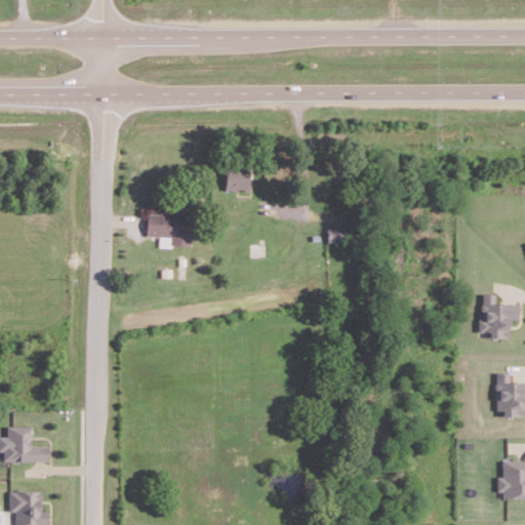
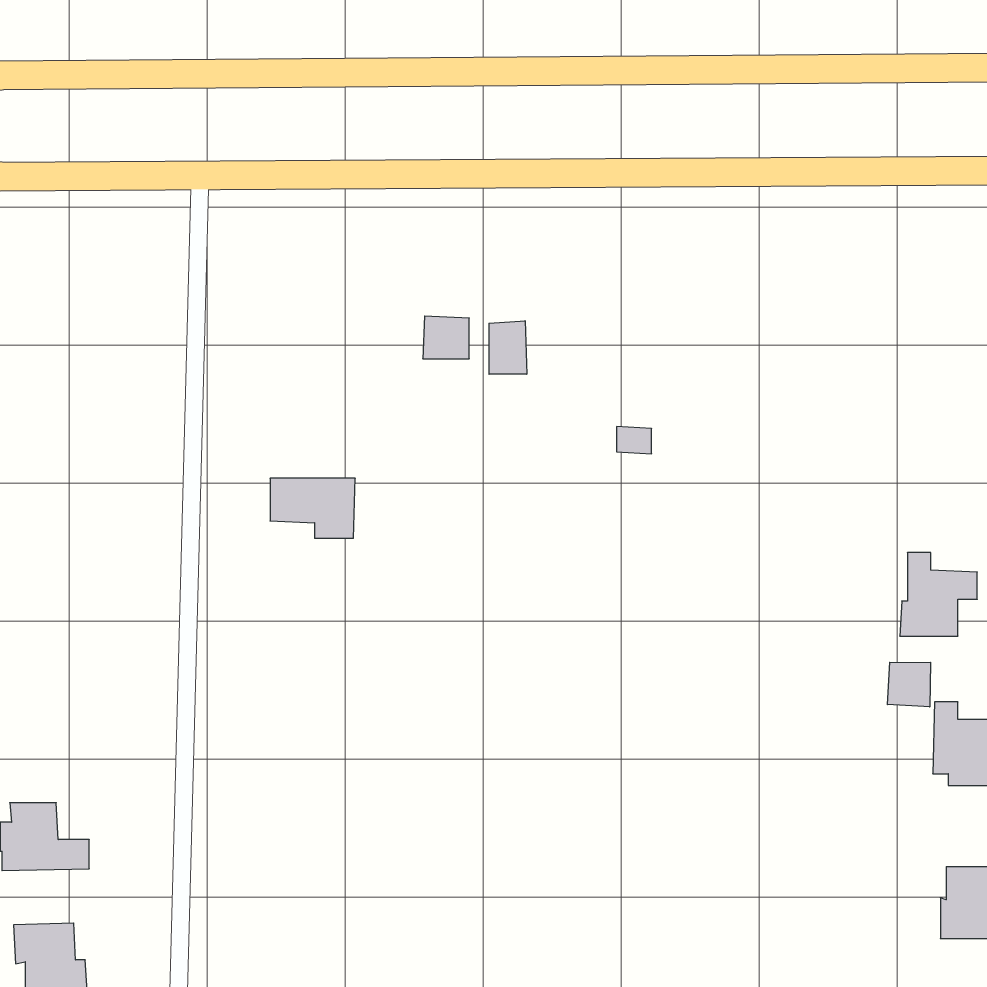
building: none -> [489,321,527,374]
building: [147,214,192,246] -> [270,478,355,538]
building: none -> [887,662,931,707]

